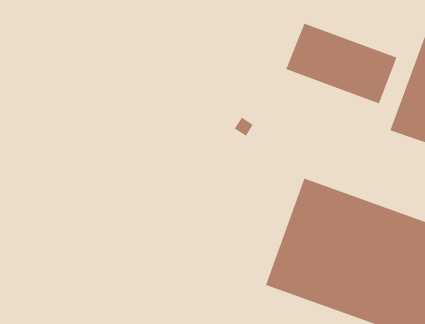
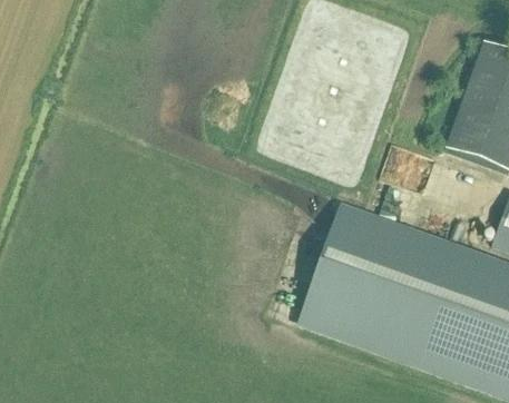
building: [285,23,397,104] -> none

